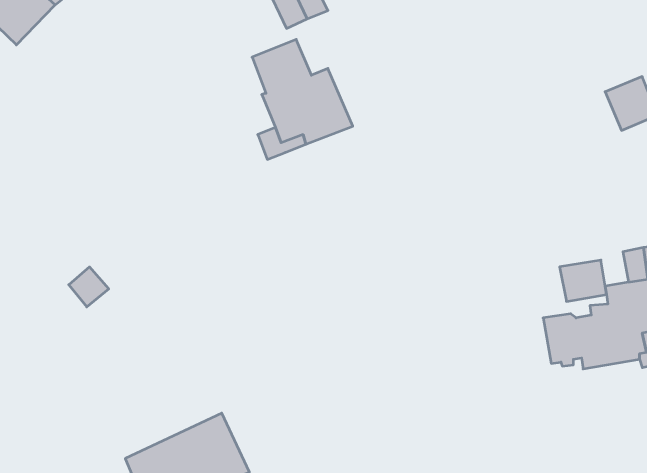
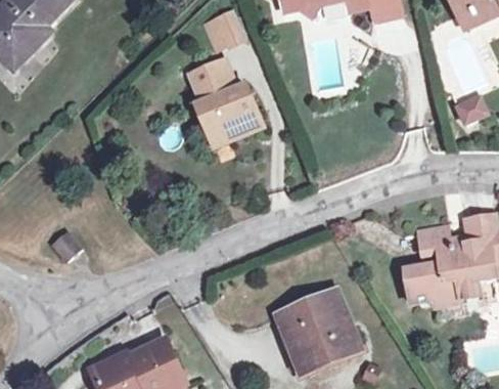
building: none -> [278,291,361,366]

